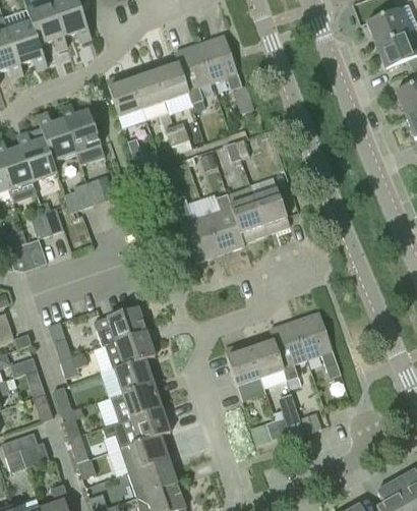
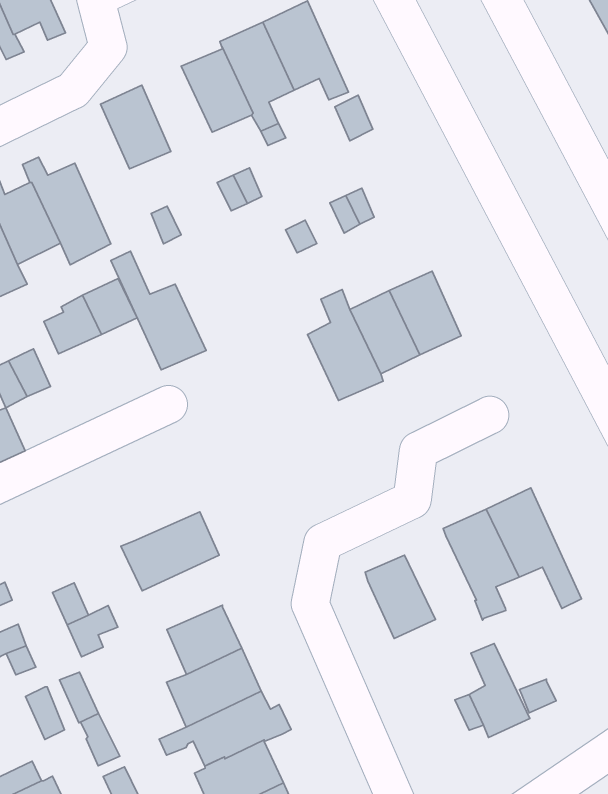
building: [130,63,166,109] -> none
building: [173,195,220,262] -> [111,251,206,370]
building: [103,331,156,370] -> none
building: [247,333,286,389] -> none

